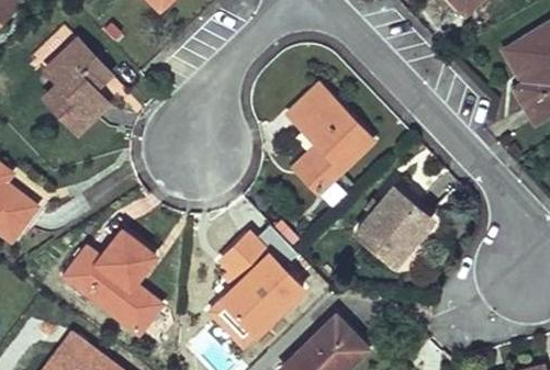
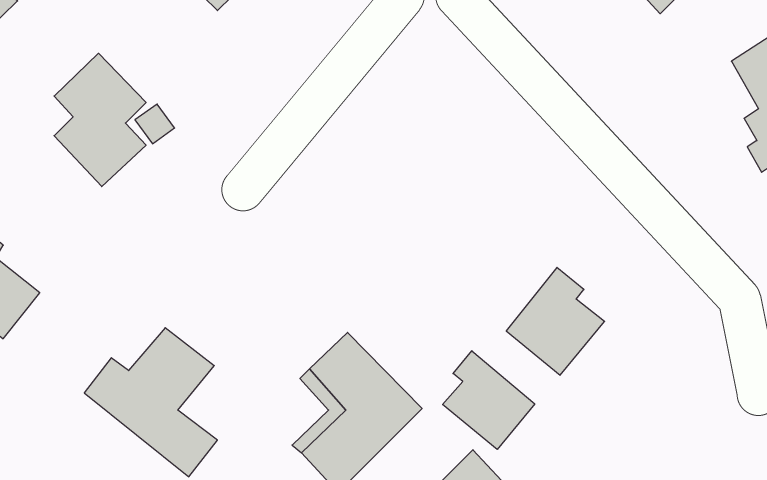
building: [290,85,373,191] -> none
building: none -> [443,351,535,449]

